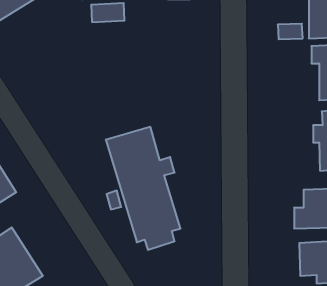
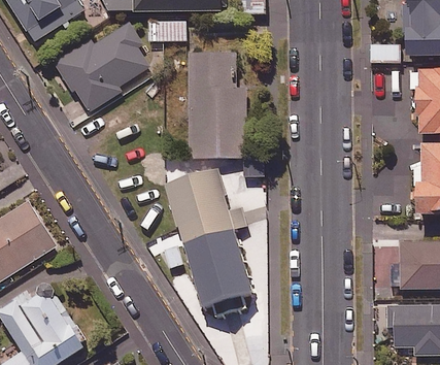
building: none -> [59,21,150,112]
building: none -> [189,53,247,159]

